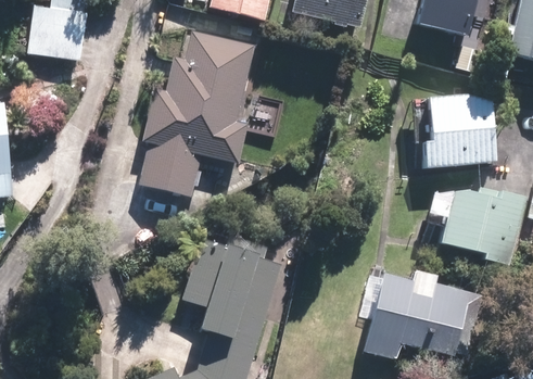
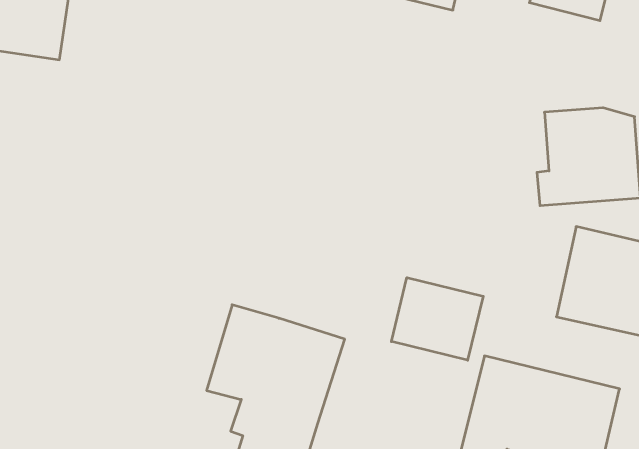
building: [139,31,256,195] -> none
building: none -> [391,278,483,360]

